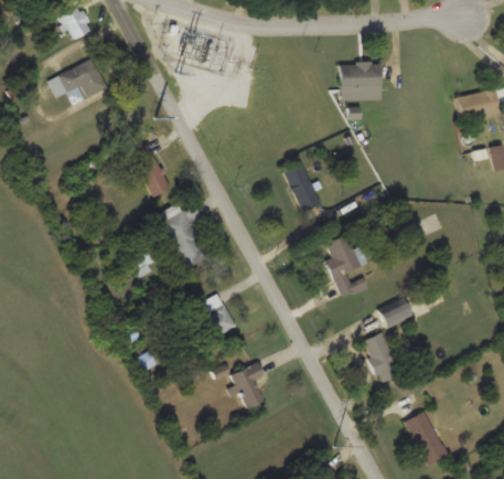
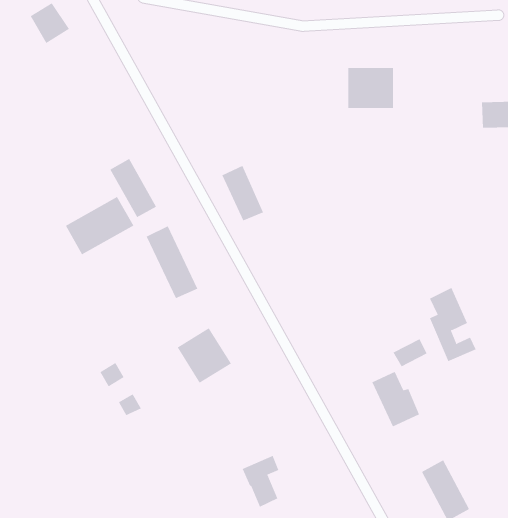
building: [49,58,107,104] -> none
building: [283,162,321,212] -> [222,165,264,221]
building: none -> [65,196,134,255]
building: [326,234,368,300] -> [429,287,477,362]
building: [230,362,264,408] -> [242,455,279,507]

